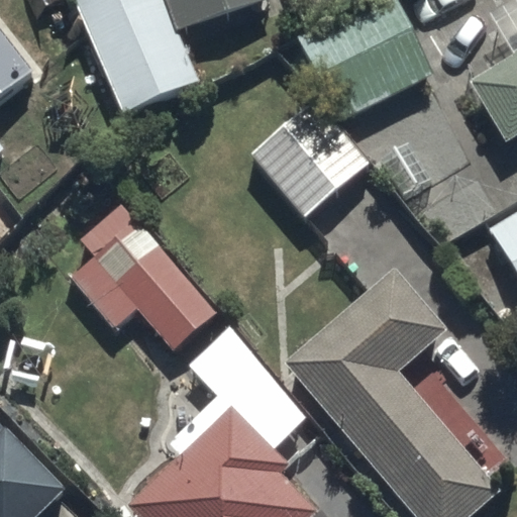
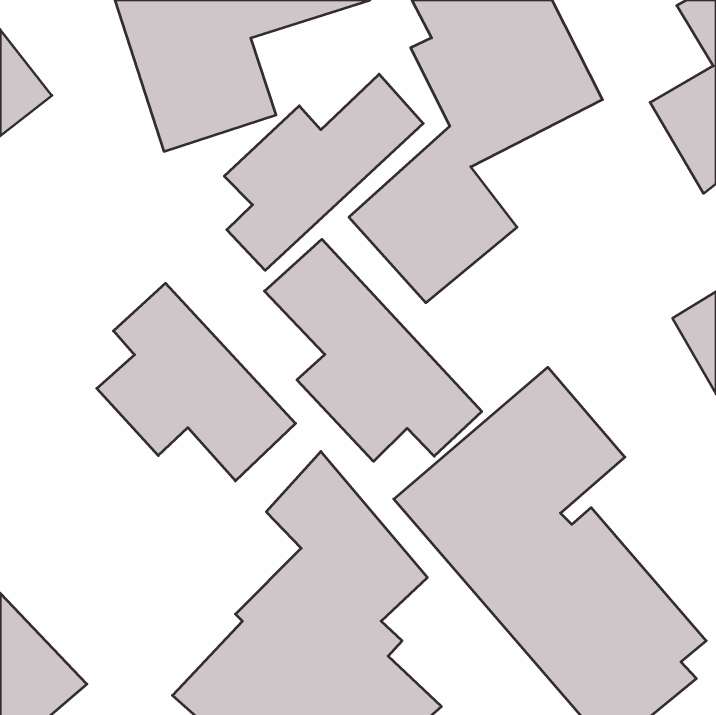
building: none -> [224,74,423,270]
building: none -> [264,239,482,461]

